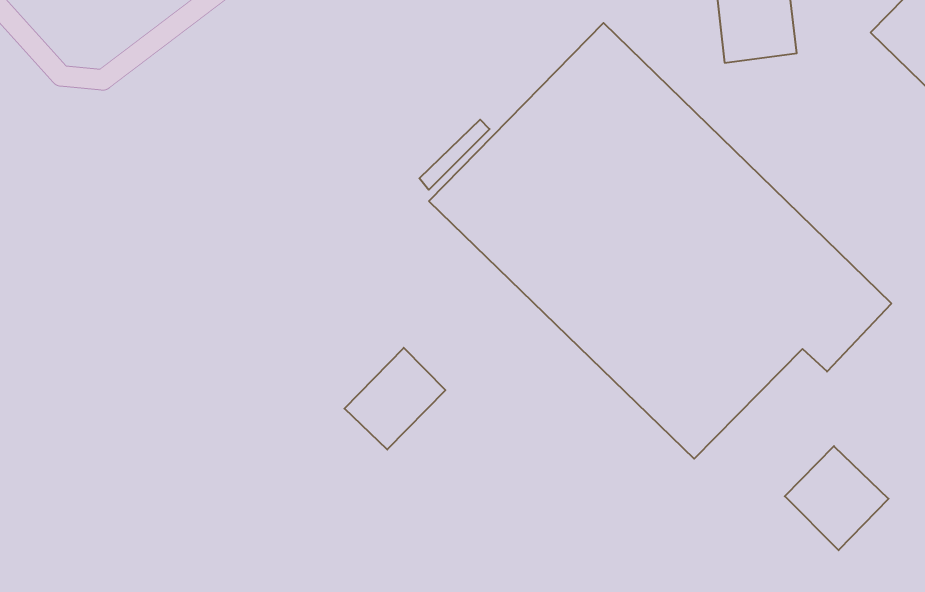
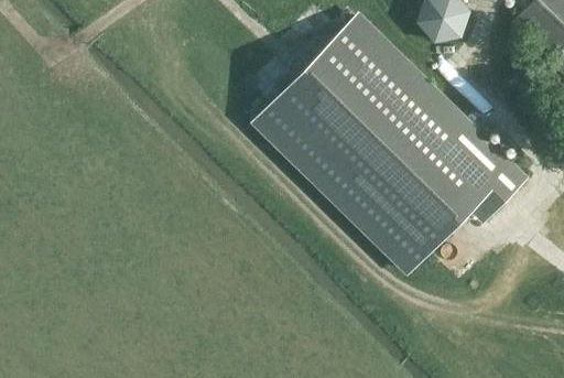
building: [344,348,445,450] -> none
building: [785,446,889,550] -> none

